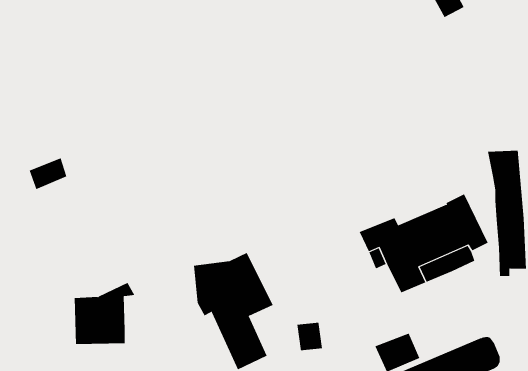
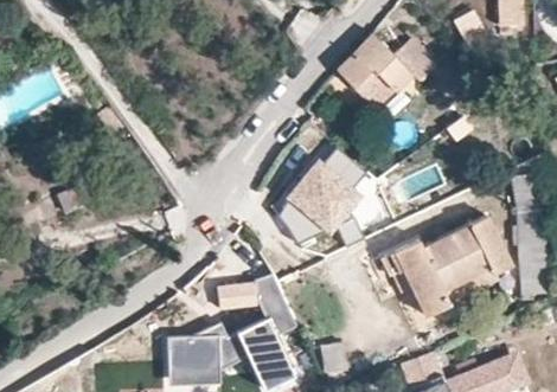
building: none -> [337,32,437,107]
building: none -> [278,149,369,246]
building: [74,282,135,345] -> [169,323,230,385]

